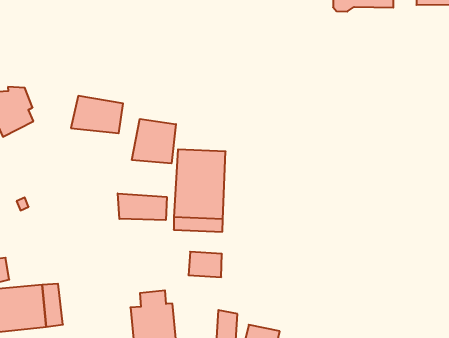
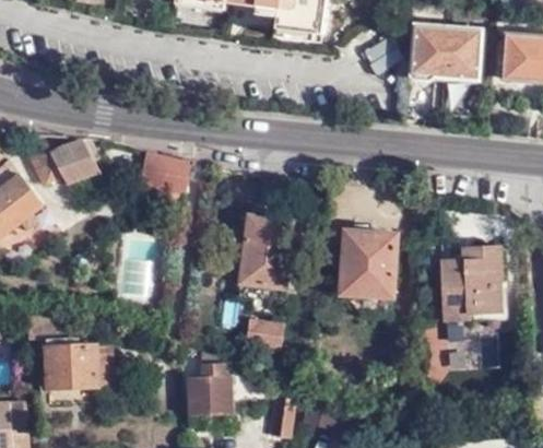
building: [132,119,176,163] -> none
building: none -> [315,222,393,293]
building: none -> [441,246,506,315]
building: [118,193,167,220] -> none

